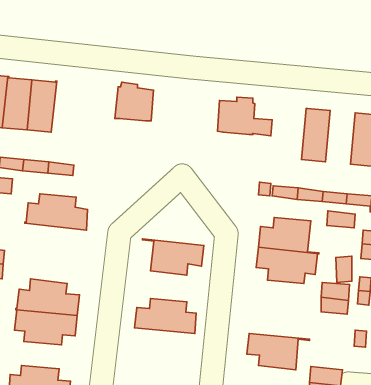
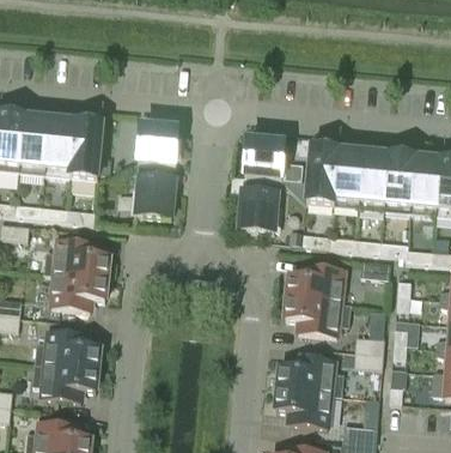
building: none -> [71,120,103,176]
building: none -> [306,146,339,203]
building: none -> [359,151,390,207]
building: none -> [133,159,175,215]
building: none -> [240,174,281,229]
building: [142,239,204,275] -> [43,270,108,308]
building: [135,298,196,334] -> [279,355,343,392]

